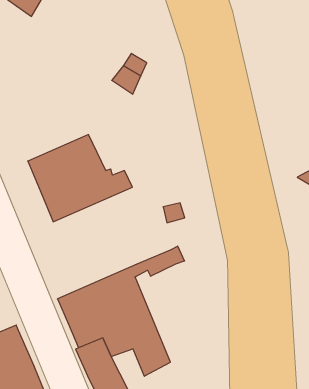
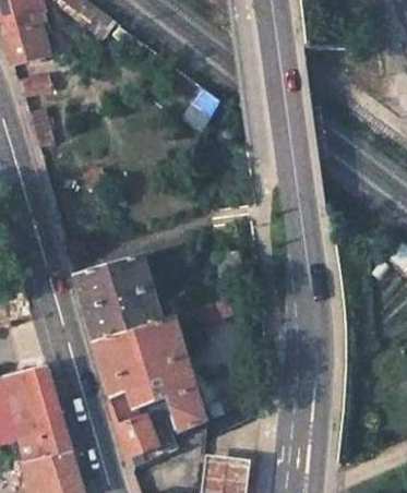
building: [28,135,132,222] -> [73,254,181,342]

